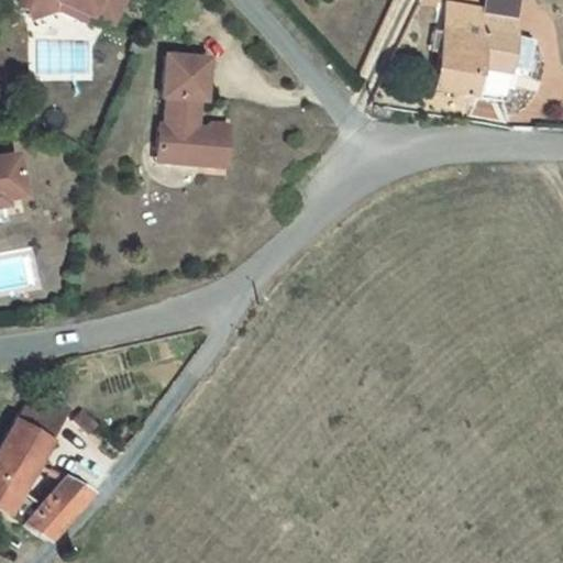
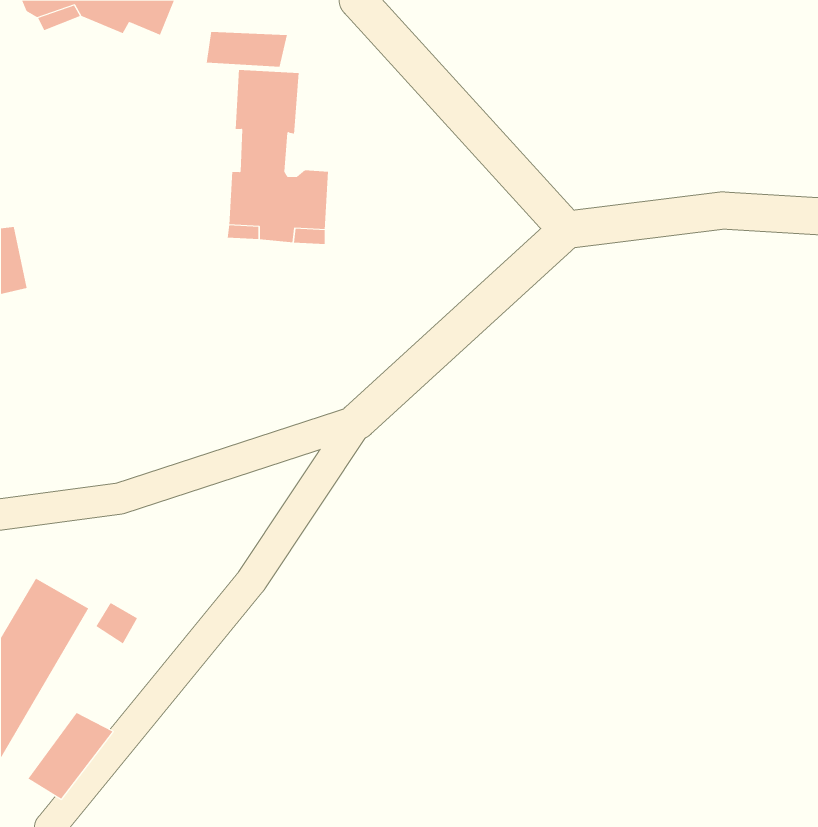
building: [431,5,532,102] -> none
building: none -> [206,31,287,68]

